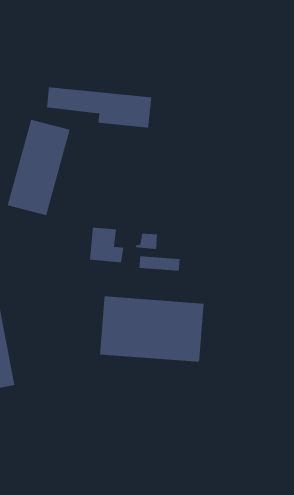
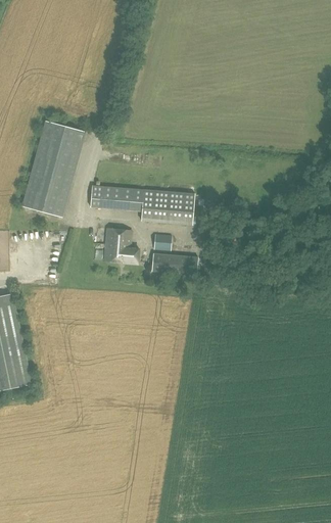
building: [46,87,152,128] -> [90,184,195,225]
building: [99,296,204,363] -> none

